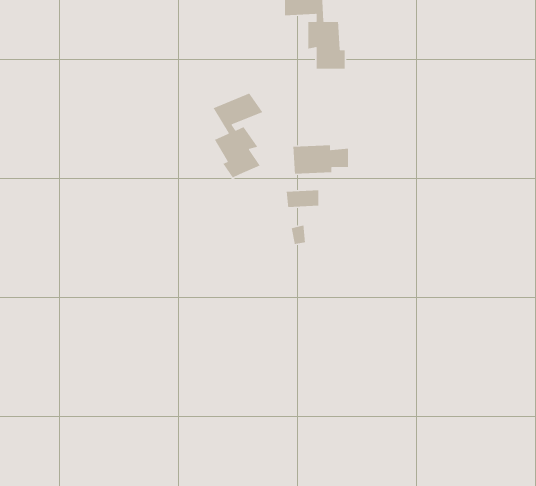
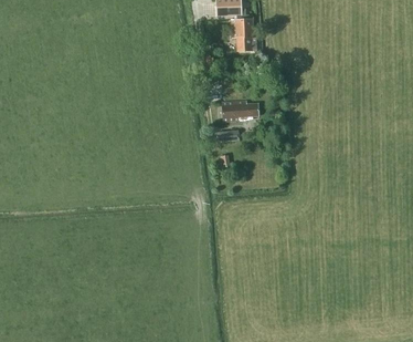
building: [212,93,263,179] -> none

